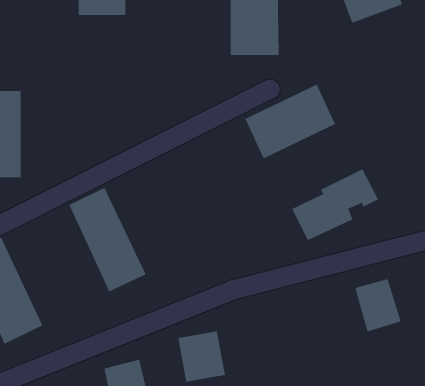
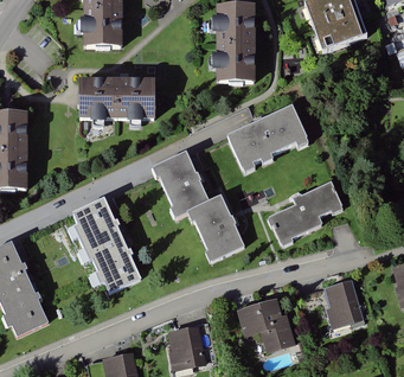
building: none -> [76,79,154,119]
building: none -> [152,152,245,261]
building: none -> [237,295,299,357]

